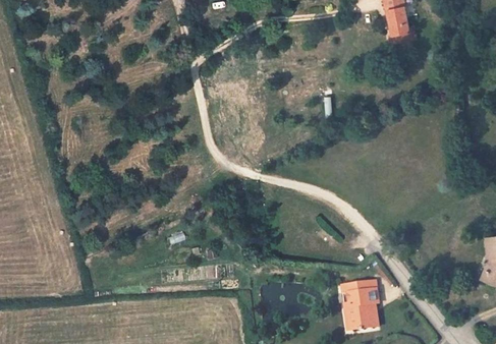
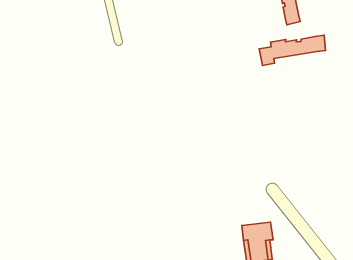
building: none -> [259,35,326,65]

